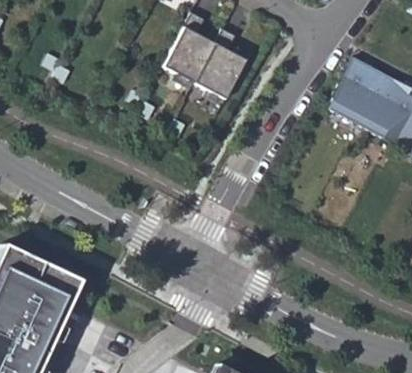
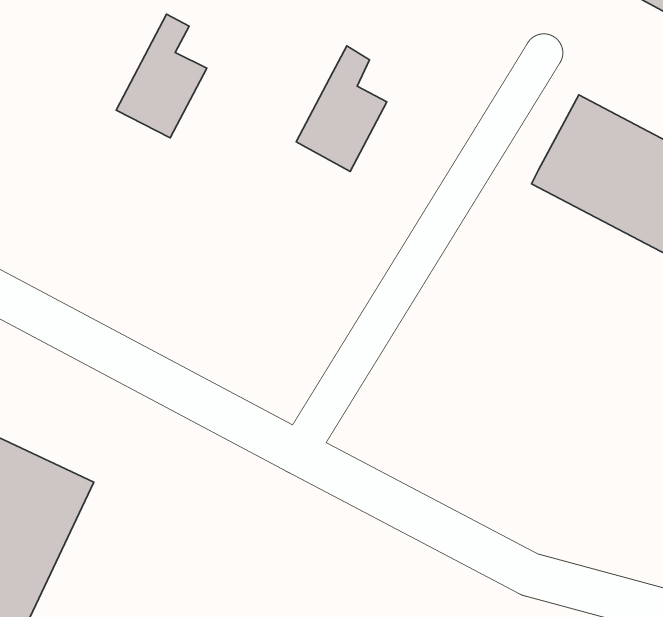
building: [165,13,217,84] -> [116,14,207,138]

